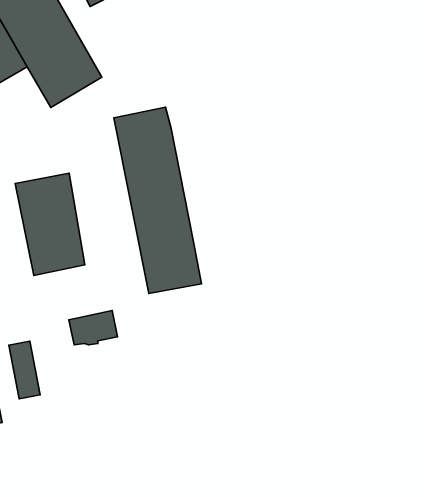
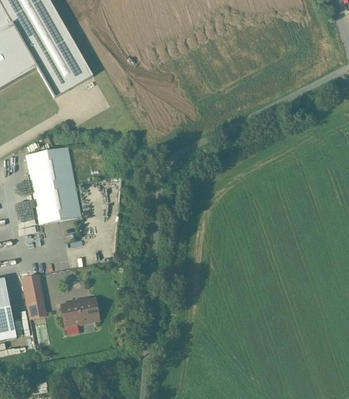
building: [114,107,201,293] -> none
building: [69,311,117,345] -> [62,298,99,324]

